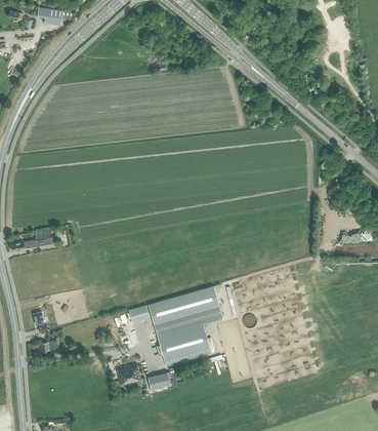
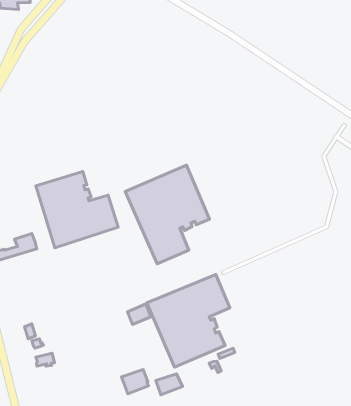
building: none -> [36,171,118,248]
building: none -> [125,165,210,264]

